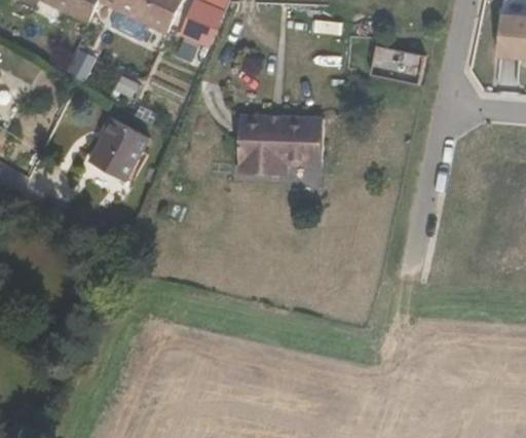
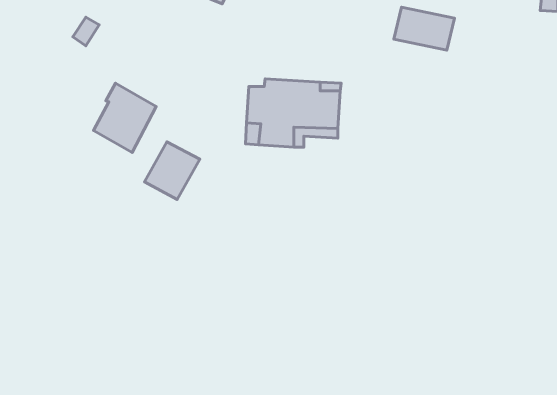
building: none -> [144,142,200,199]

